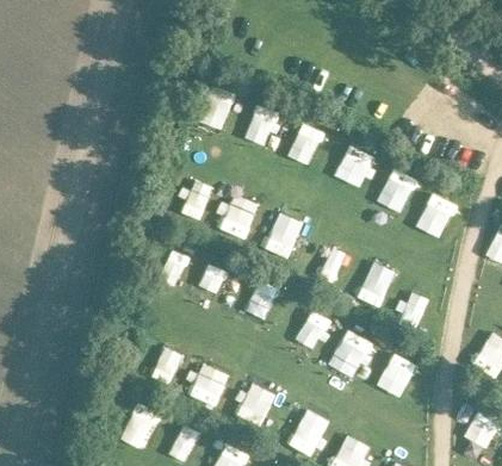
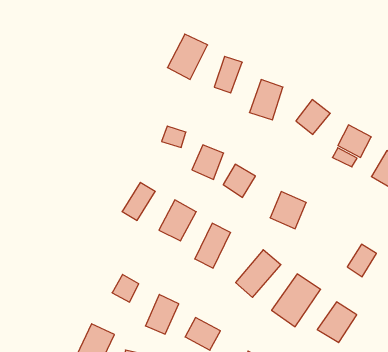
building: [354,265,392,309] -> none

